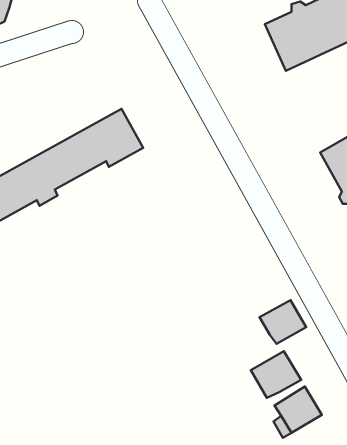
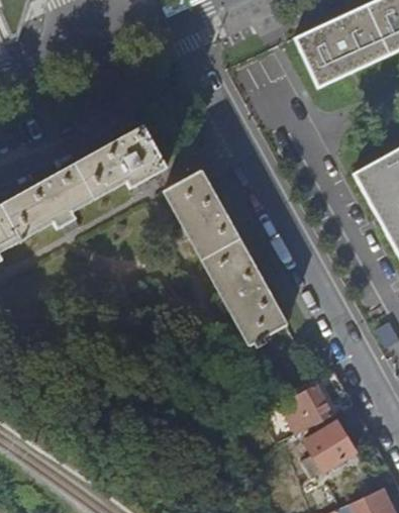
building: none -> [165,170,287,346]
building: [260,300,306,344] -> none

